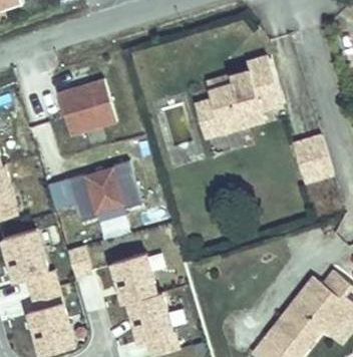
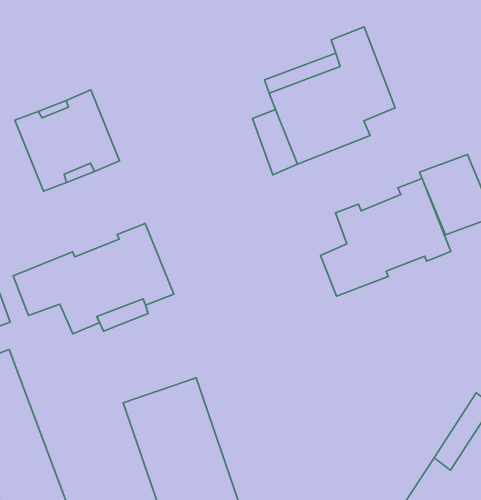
building: none -> [320,178,451,296]

